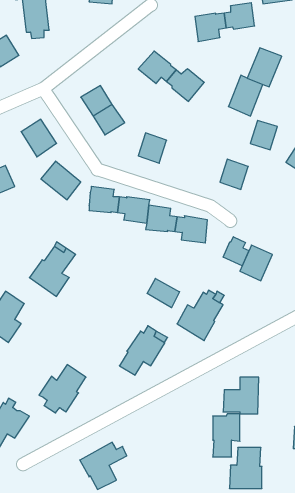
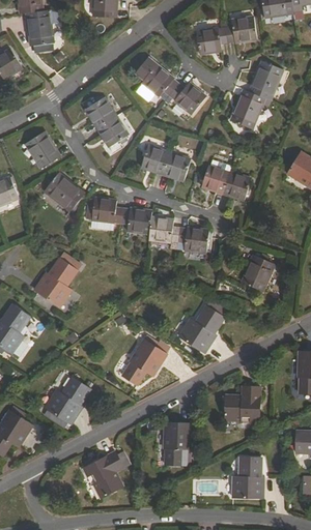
building: [250,120,277,150] -> [202,165,229,194]
building: none -> [162,152,190,181]
building: [223,237,249,266] -> none
building: [147,278,180,308] -> none
building: [213,414,240,457] -> [165,422,192,465]

